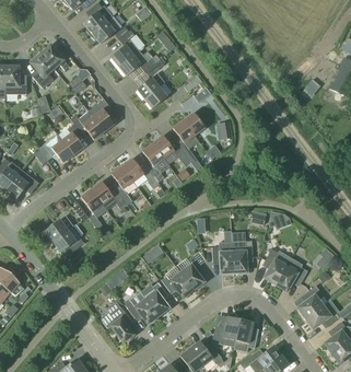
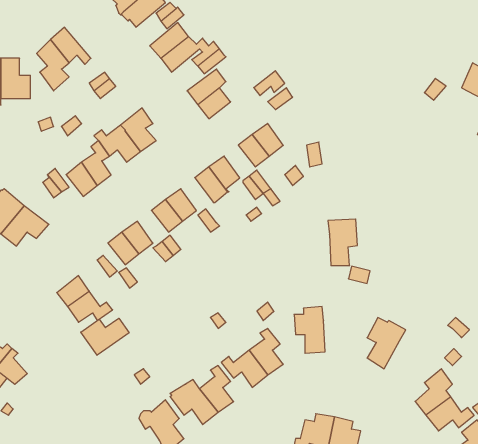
building: [232,240,253,272] -> [328,219,357,266]
building: none -> [81,318,129,355]
building: [276,257,307,291] -> none

